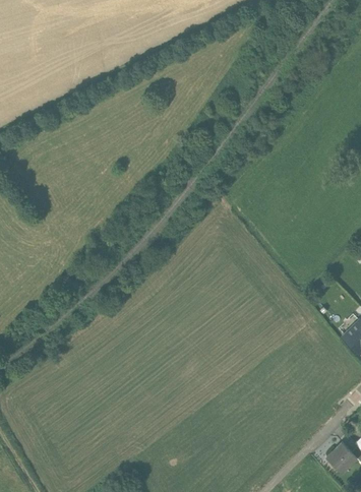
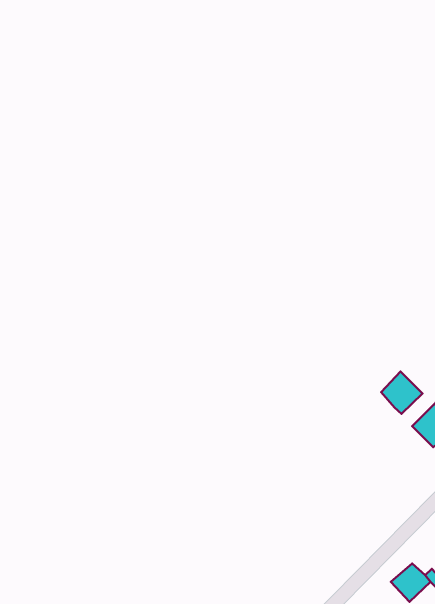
building: none -> [381,371,422,414]

